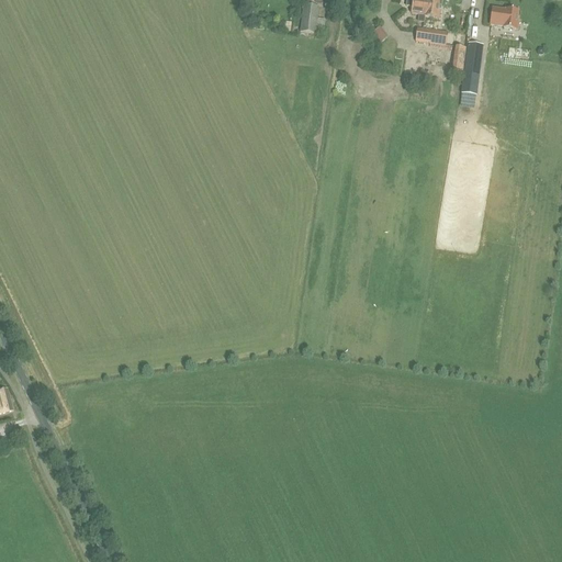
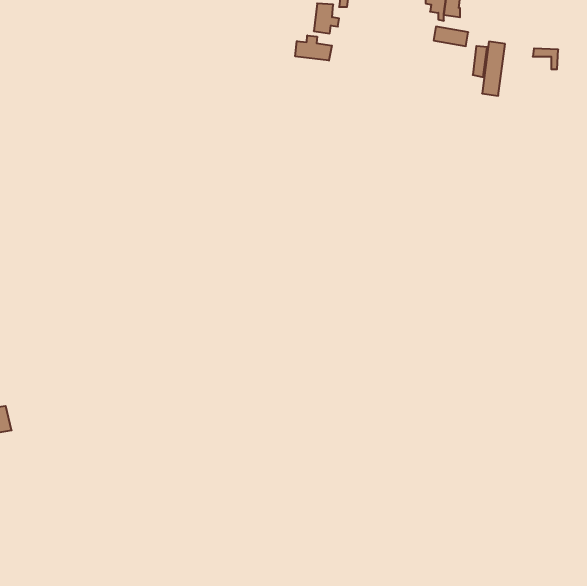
building: [488,5,517,27] -> none
building: none -> [295,35,332,61]

